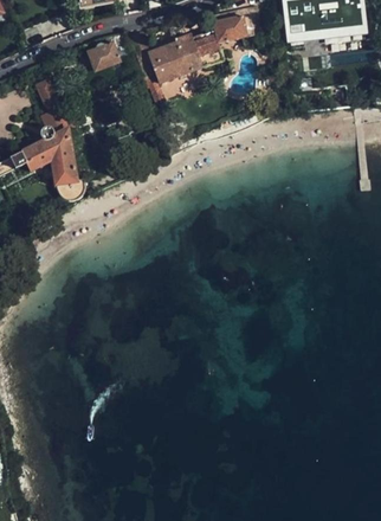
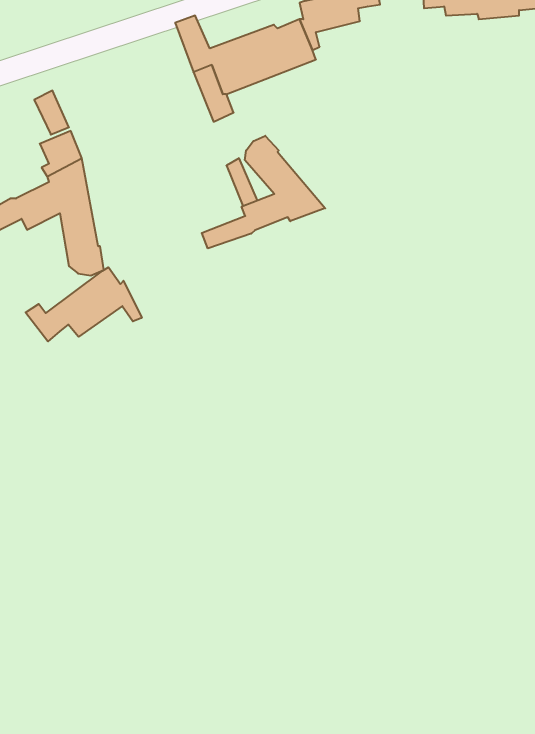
building: [86,33,127,72] -> none
building: none -> [202,136,325,248]
building: none -> [26,267,142,341]

